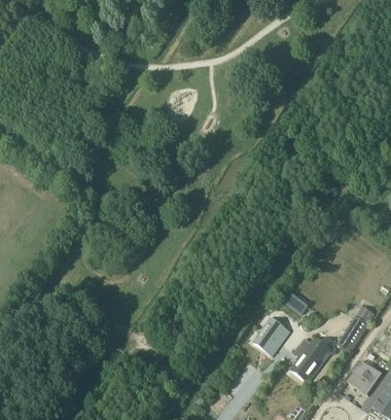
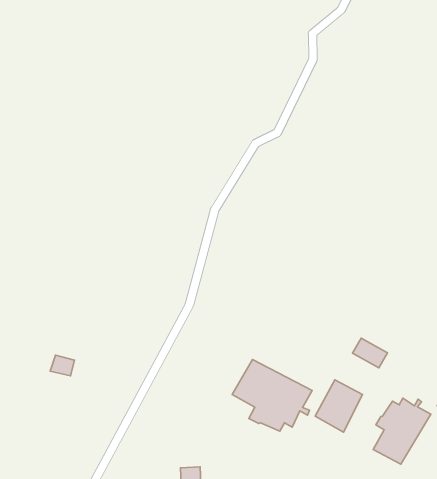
building: none -> [232,359,312,431]

